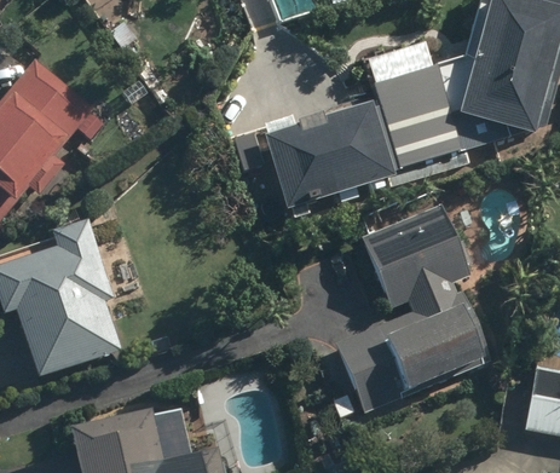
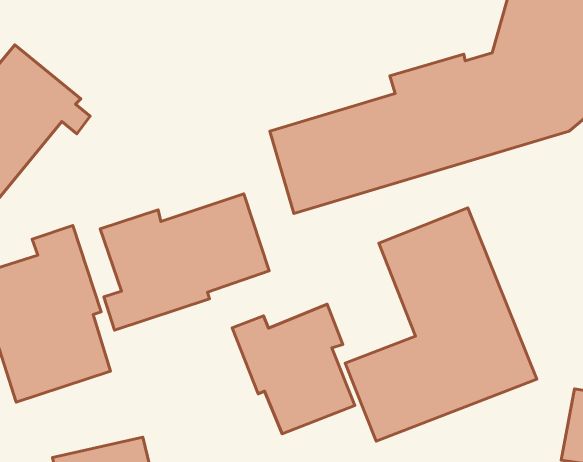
building: none -> [100,194,269,330]
building: none -> [232,304,355,434]

